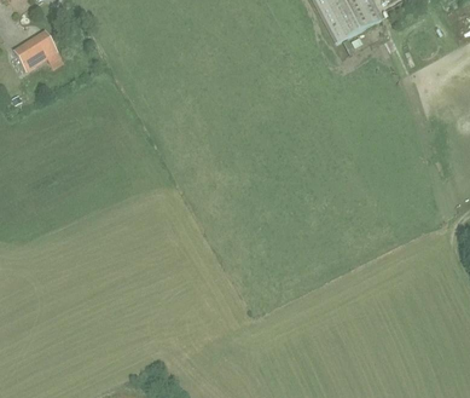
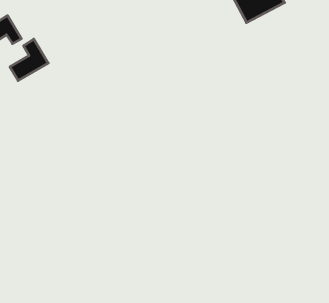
building: none -> [10,39,48,81]

